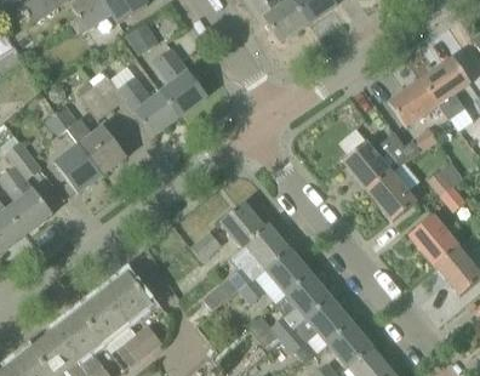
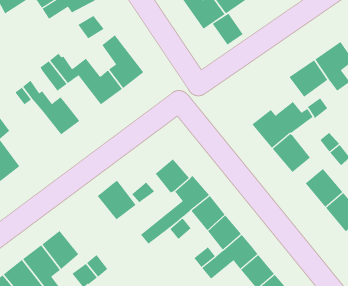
building: none -> [212,13,243,45]
building: [55,143,103,193] -> none
building: [102,272,152,323] -> [97,180,137,220]

